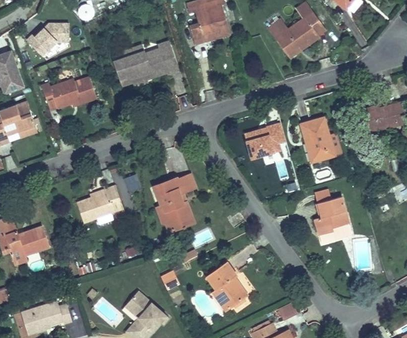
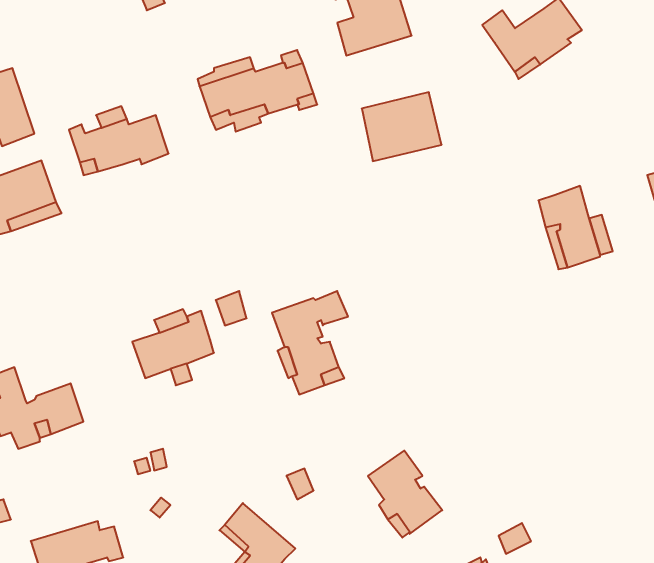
building: [26,23,68,56] -> none
building: [242,124,286,162] -> [362,92,442,161]
building: [314,191,351,242] -> none

